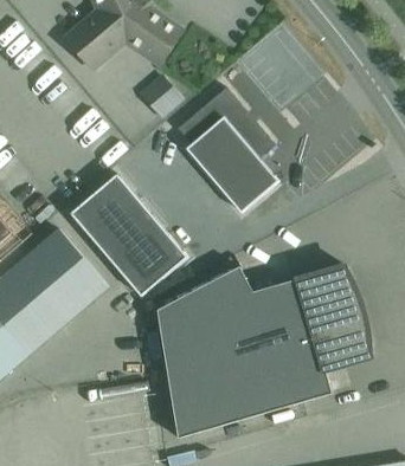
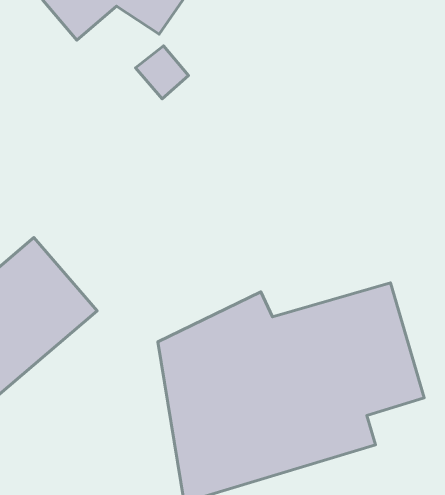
building: [176,88,277,213] -> none
building: [69,174,186,296] -> none

